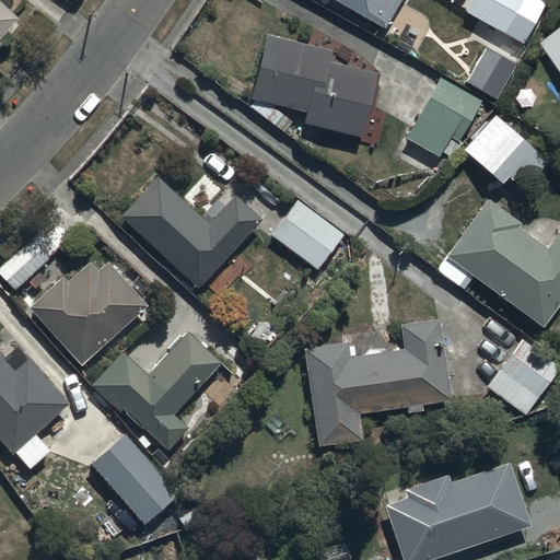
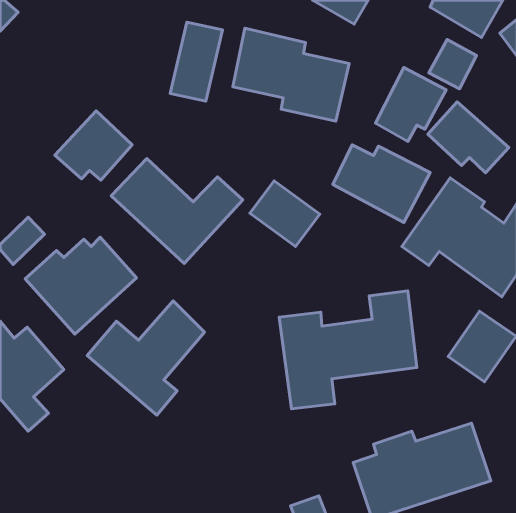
building: none -> [170,22,222,101]
building: none -> [55,111,132,180]
building: none -> [333,145,430,222]
building: [89,433,180,527] -> none

